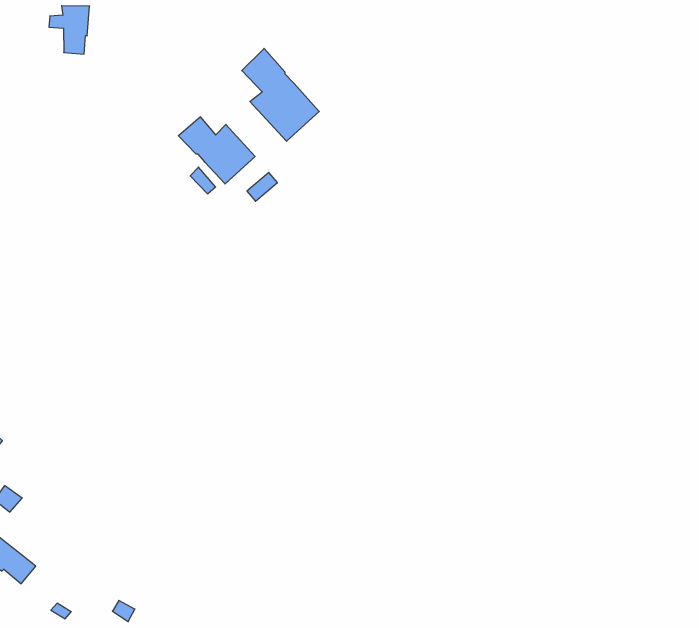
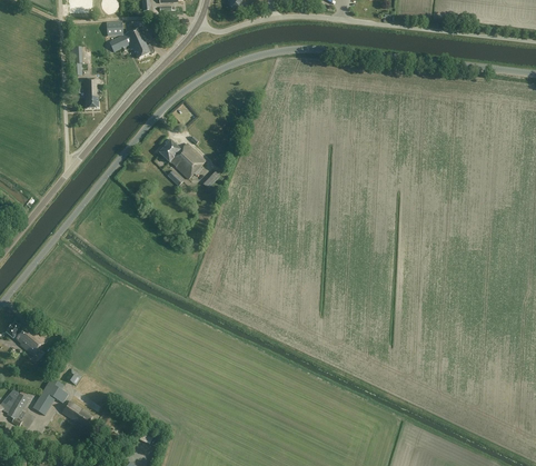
building: [242,48,319,141] -> none

